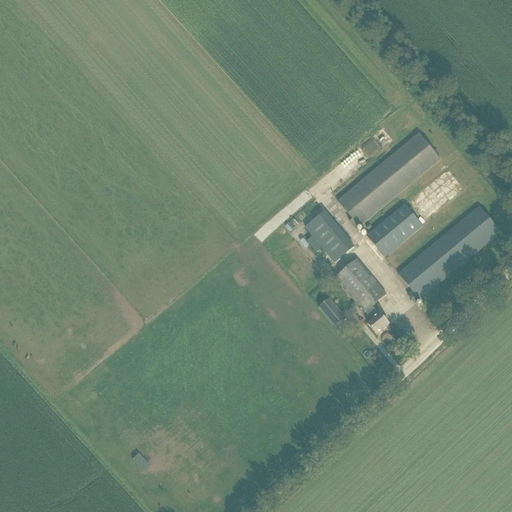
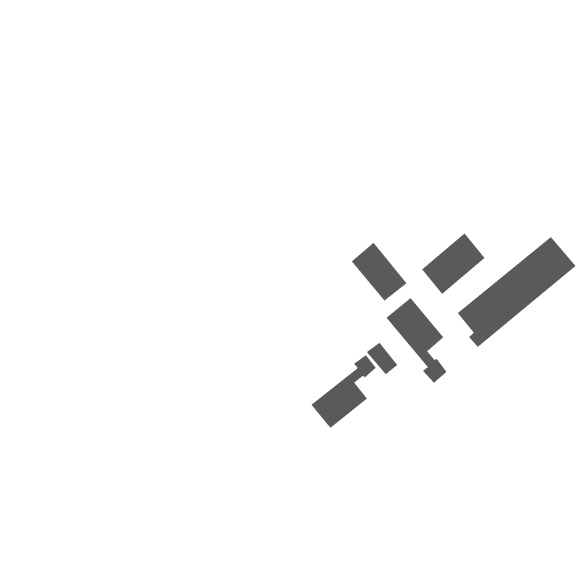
building: [337,132,441,229] -> none
building: none -> [311,354,376,429]

